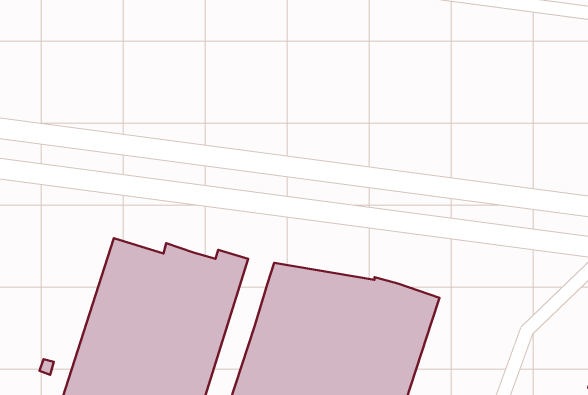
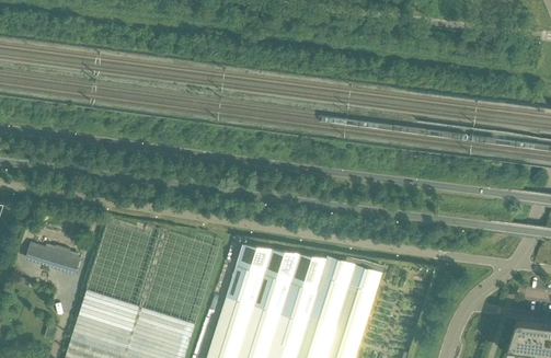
building: none -> [24,242,80,276]

